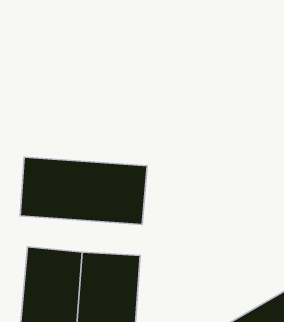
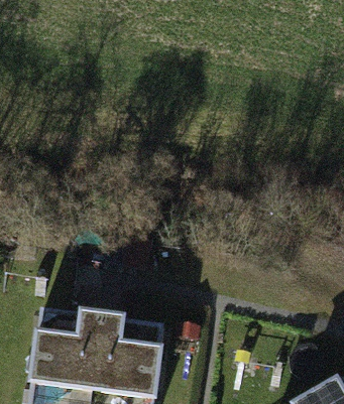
building: [20,157,147,224] -> none

